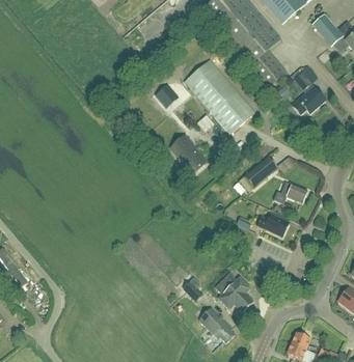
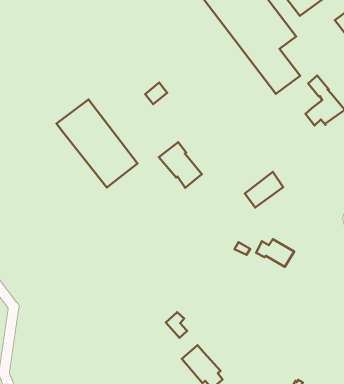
building: [184,59,254,133] -> [57,100,137,187]
building: [273,182,307,203] -> none
building: [215,273,252,312] -> none

